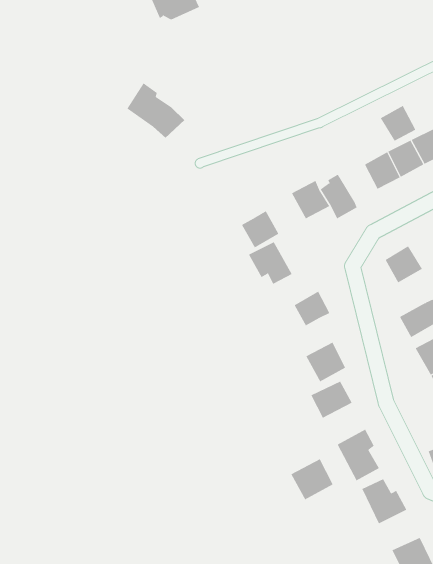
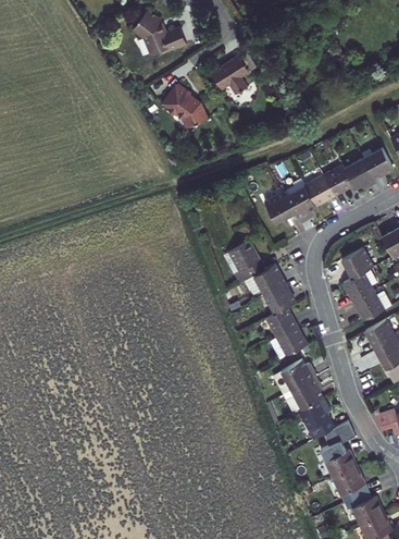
building: none -> [211,56,253,93]
building: [126,82,185,138] -> [161,83,210,130]
building: [380,105,416,142] -> [303,177,334,208]
building: [241,210,279,248] -> [253,262,285,294]
building: none -> [341,273,374,305]
building: none -> [264,306,297,338]
building: [290,458,333,500] -> [288,377,324,412]
building: none -> [335,466,370,500]

